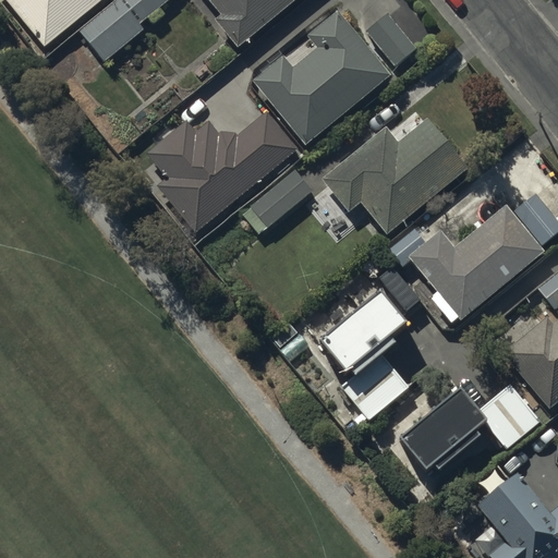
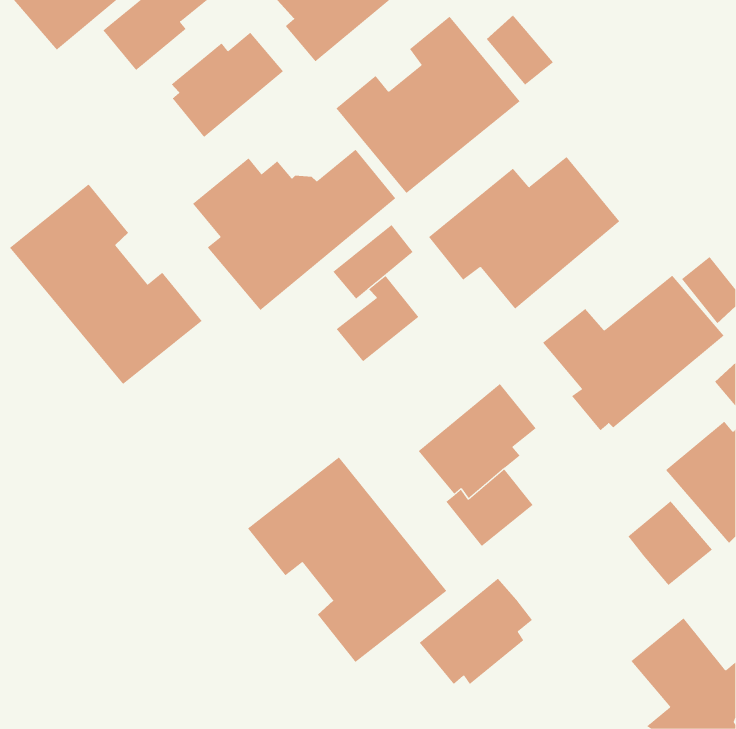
building: none -> [171,32,284,138]
building: none -> [9,184,203,385]
building: none -> [336,275,419,362]
building: none -> [247,456,447,663]
building: [399,388,485,469] -> [419,578,533,685]

